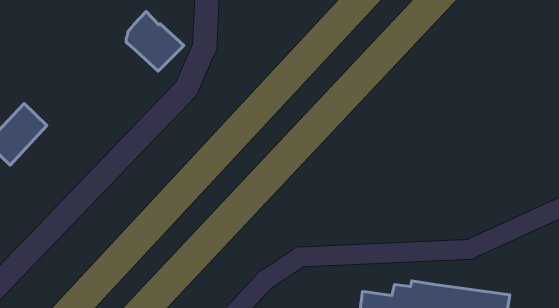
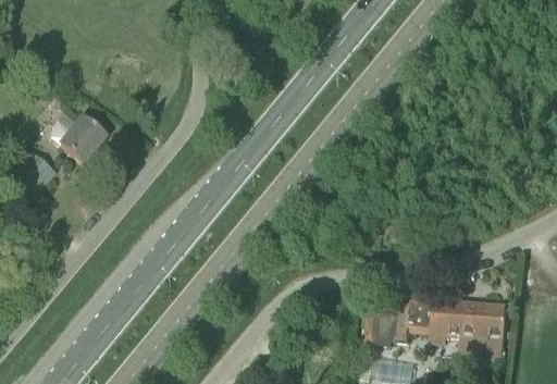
building: [126,11,184,71] -> [51,106,107,162]

